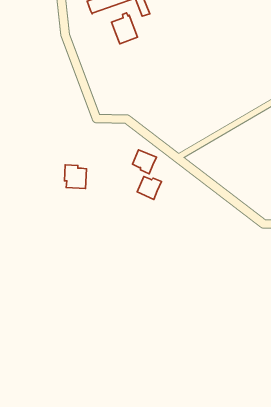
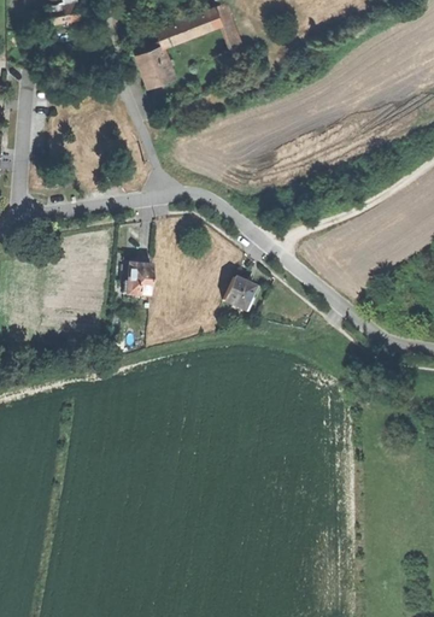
building: [111,13,138,44] -> [136,40,174,84]
building: [132,150,156,174] -> none

